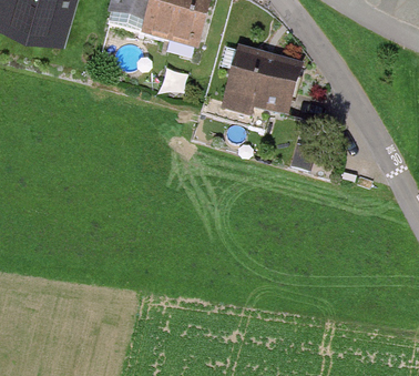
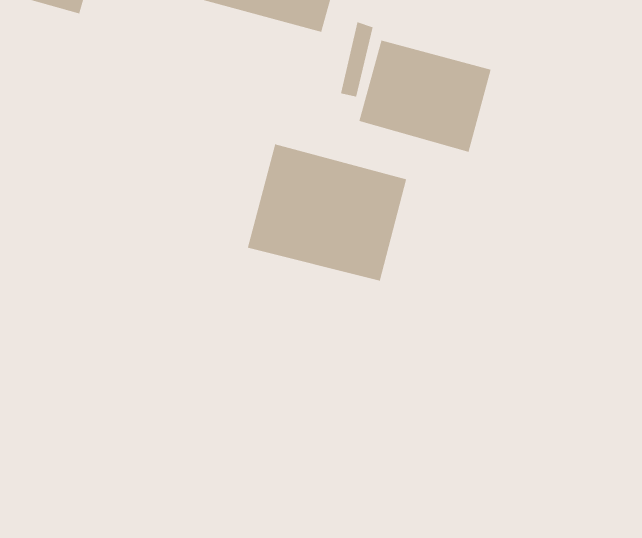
building: none -> [247,144,407,281]

